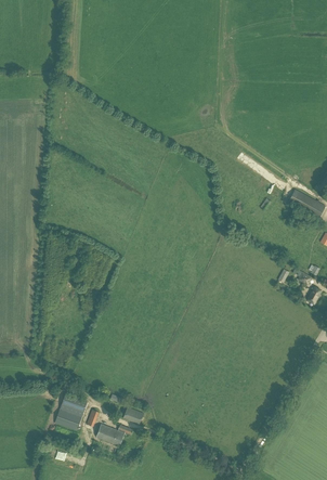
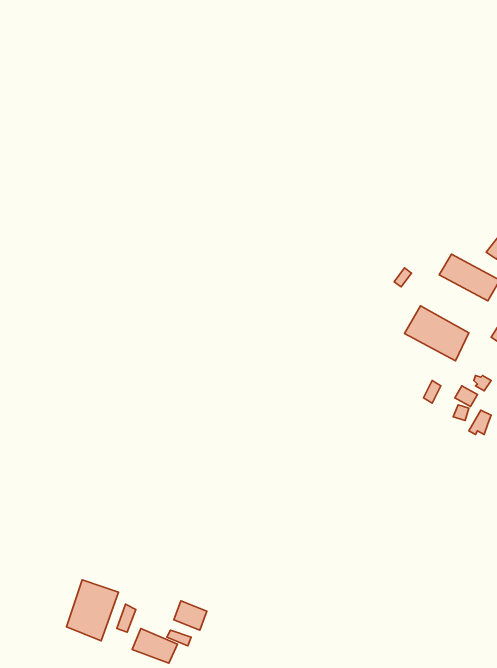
building: none -> [405,306,469,361]

